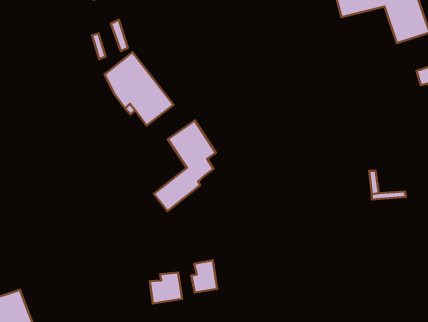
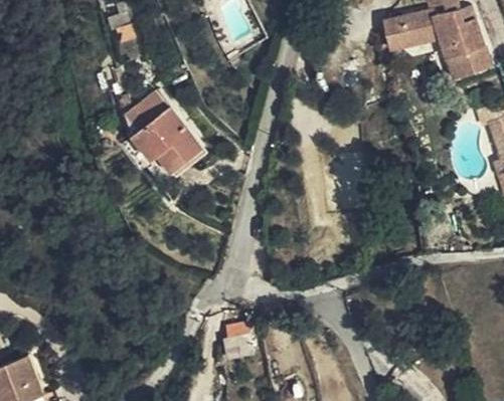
building: [154,120,216,211] -> none
building: [150,272,182,304] -> none

